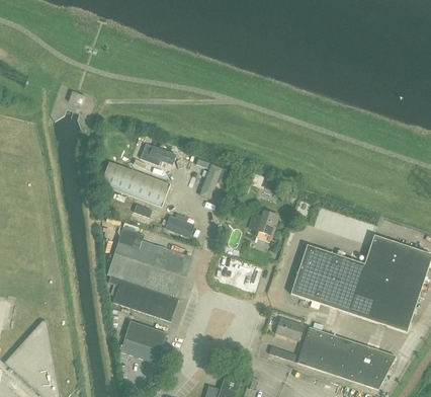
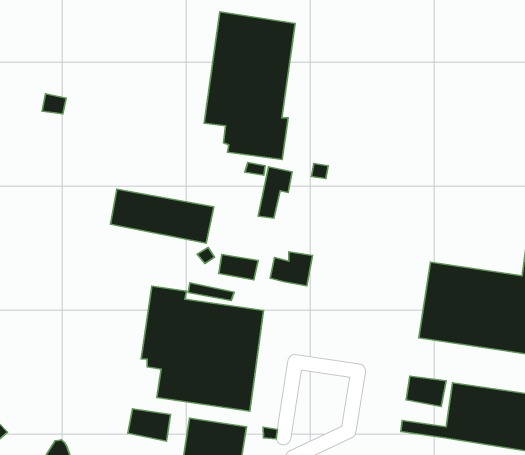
building: none -> [204,12,295,159]
building: [139,143,175,164] -> none
building: [248,211,278,235] -> [270,252,312,286]
building: none -> [128,409,170,441]

